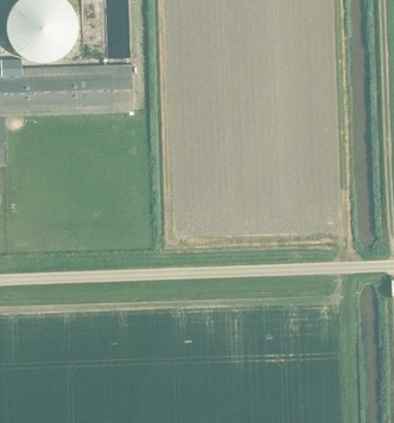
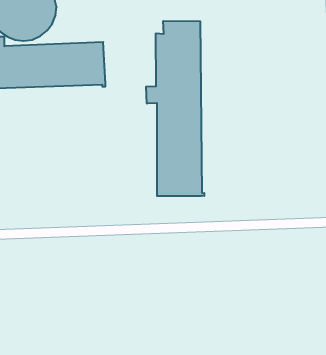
building: none -> [146,21,204,196]

